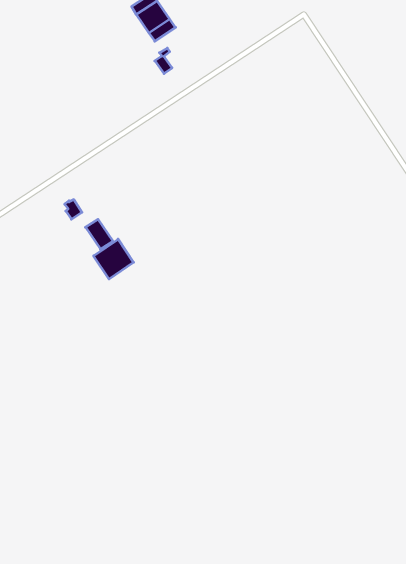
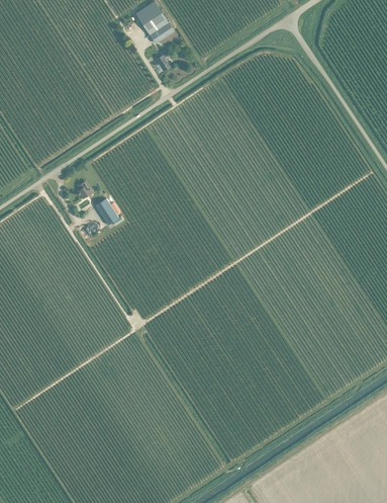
building: [94,239,134,279] -> none

